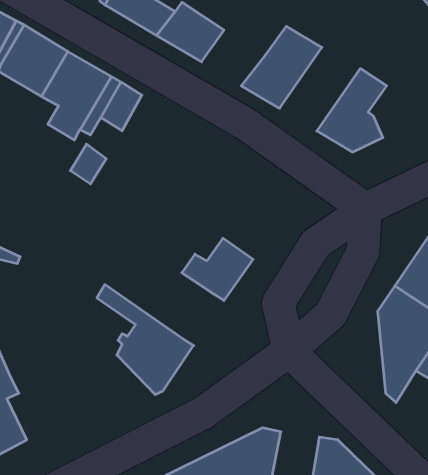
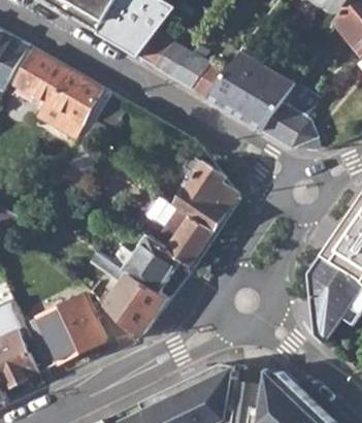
building: none -> [173,43,223,97]
building: none -> [234,67,296,132]
building: none -> [174,154,239,232]
building: none -> [125,234,183,294]
building: none -> [25,295,105,368]

